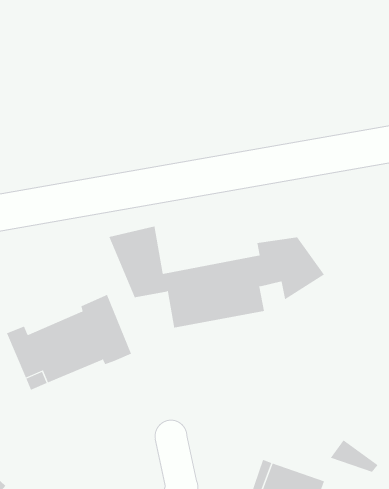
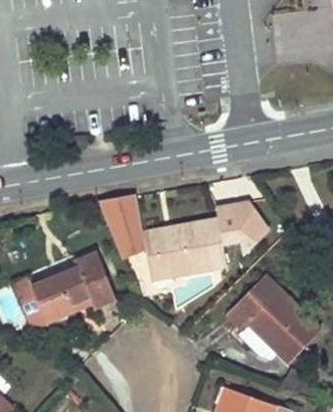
building: none -> [225,275,321,367]

